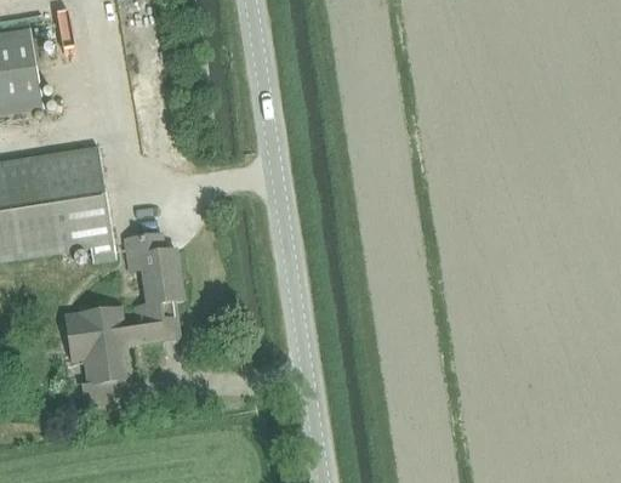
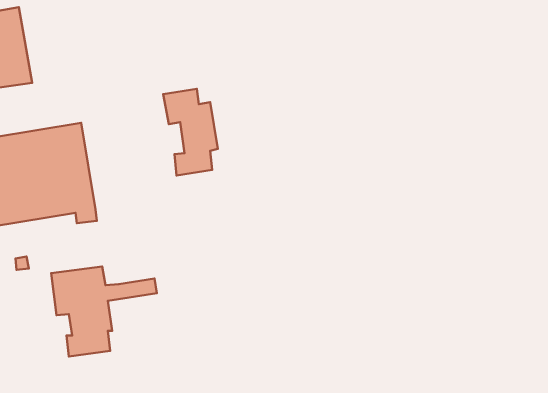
building: [124,229,183,324] -> [163,89,218,175]

